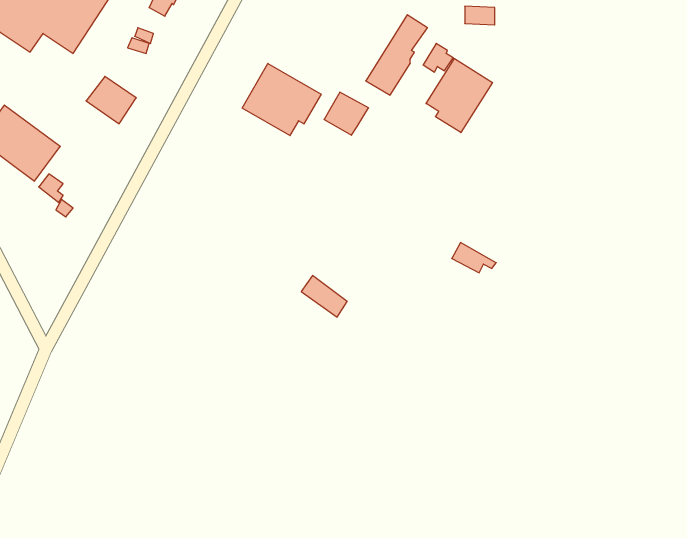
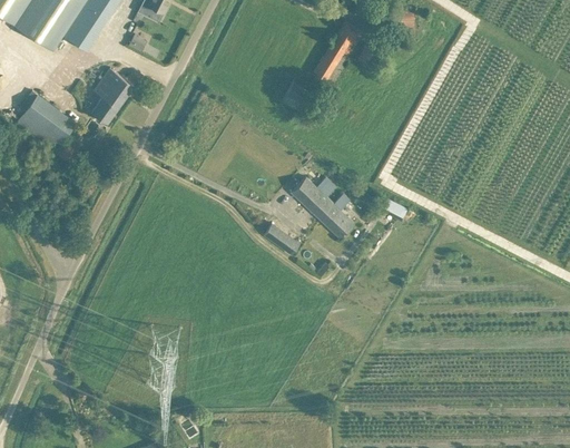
building: [426,59,492,133] -> none
building: [242,63,321,136] -> none
building: none -> [91,87,121,124]
building: none -> [291,176,354,237]

